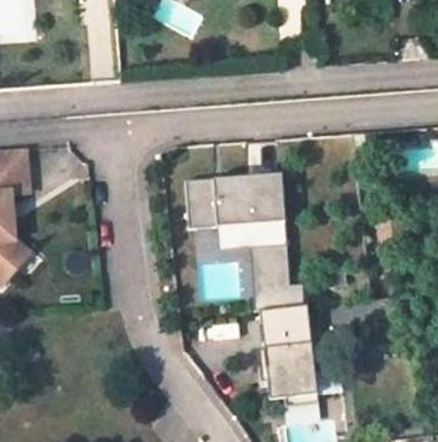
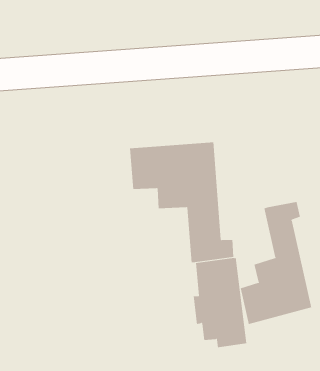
building: none -> [240,201,312,325]

